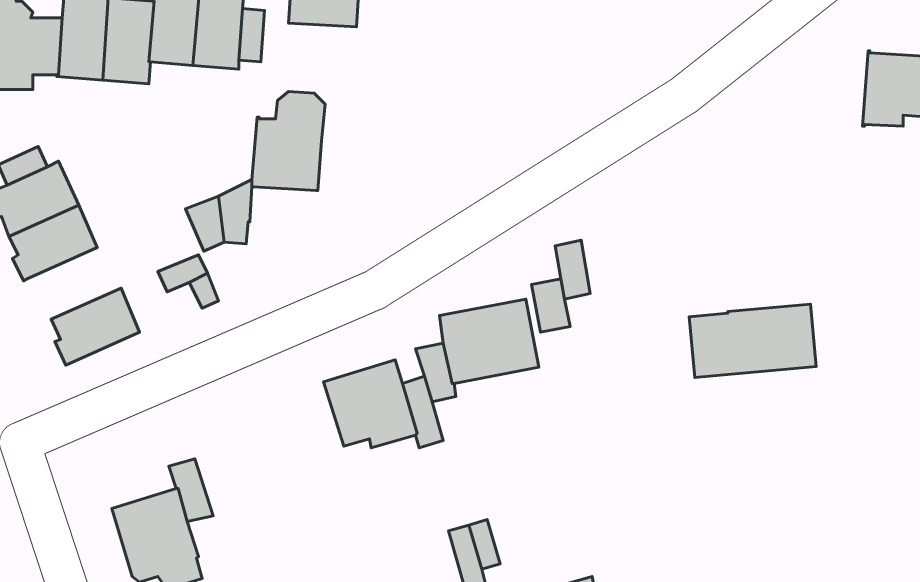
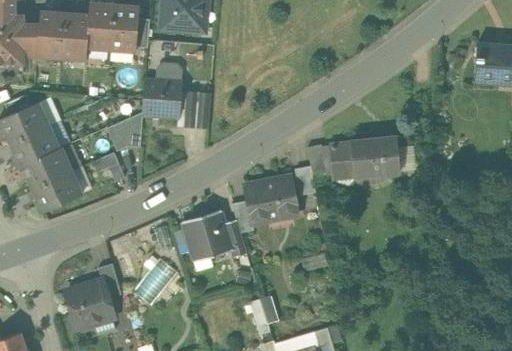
building: none -> [176,91,210,129]
building: none -> [20,147,71,188]
building: [689,304,816,378] -> [330,138,399,178]
building: none -> [134,257,175,304]

